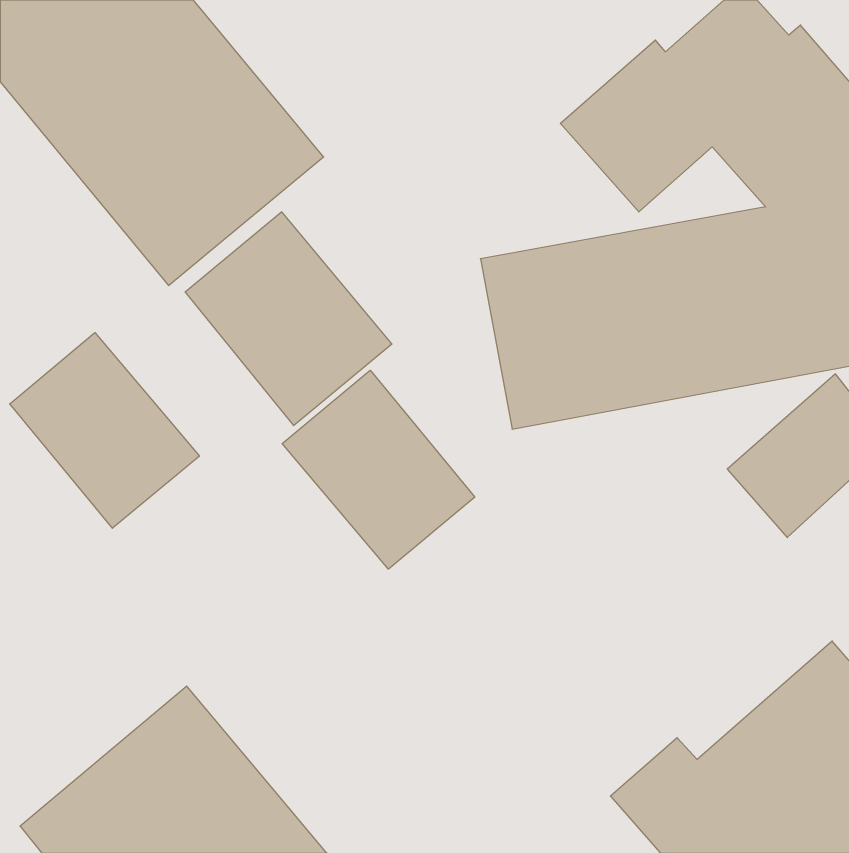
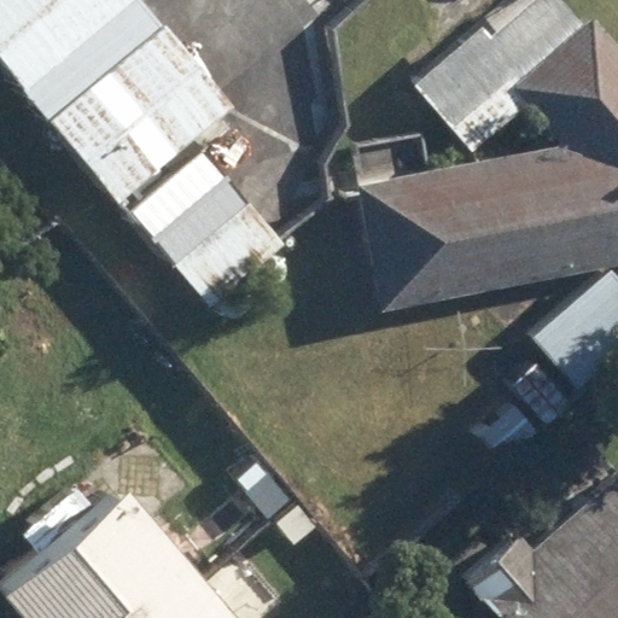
building: [10,333,199,528] -> none
building: [282,370,475,569] -> none

